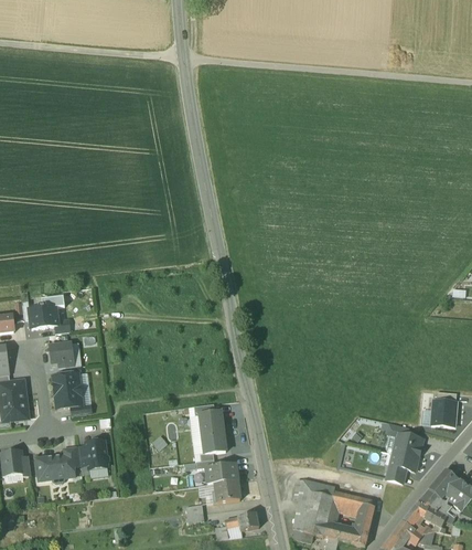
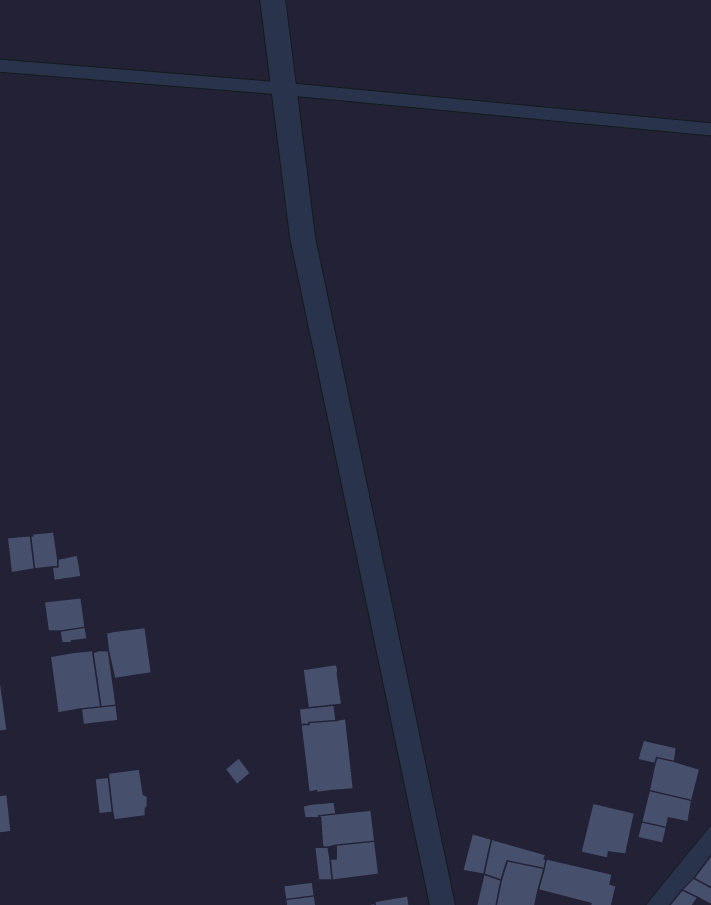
building: none -> [106,627,151,679]
building: none -> [303,664,342,708]
building: [35,446,78,483] -> none
building: none -> [581,803,634,858]

